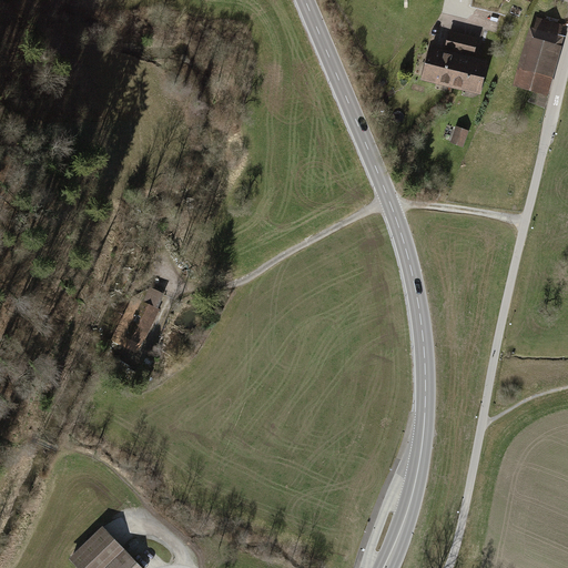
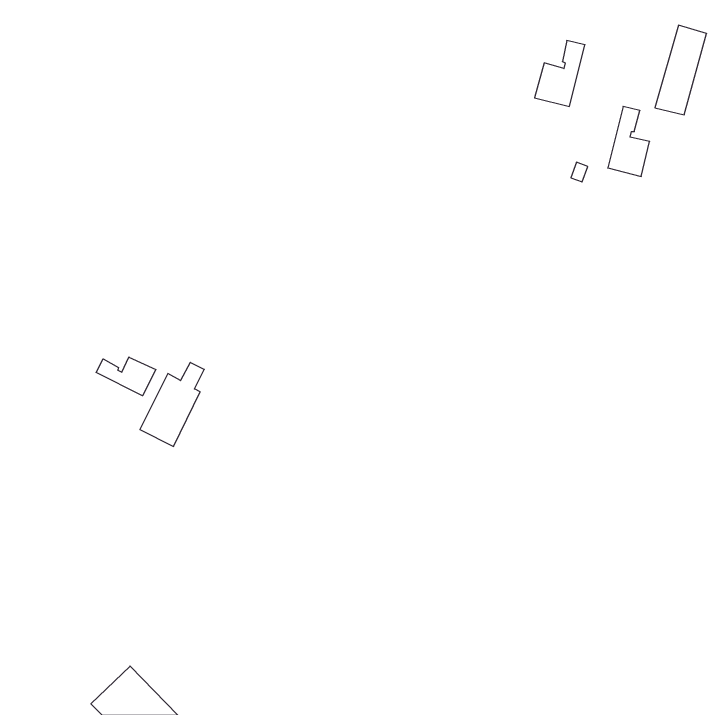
building: [452,36,485,91] -> [608,106,650,176]
building: none -> [96,357,156,396]

